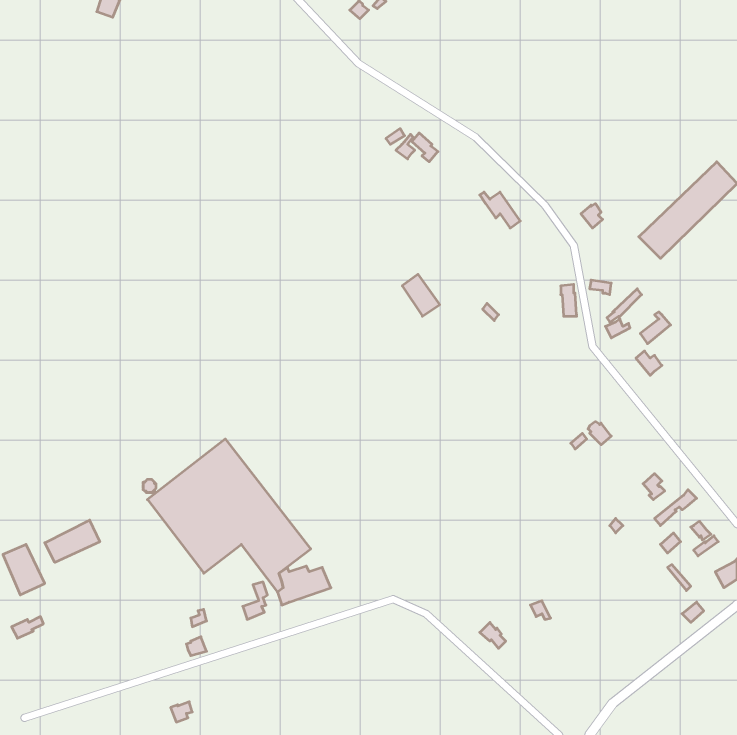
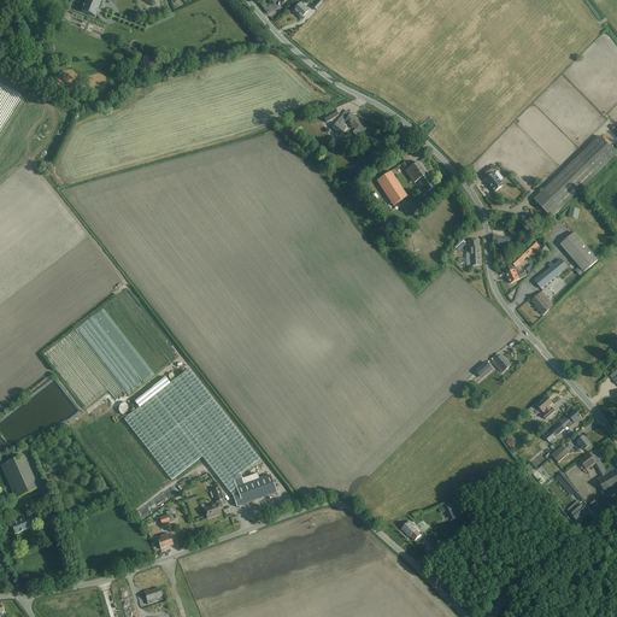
building: [402,274,440,316] -> [376,170,407,205]
building: none -> [559,230,597,270]
building: [45,520,100,562] -> none

